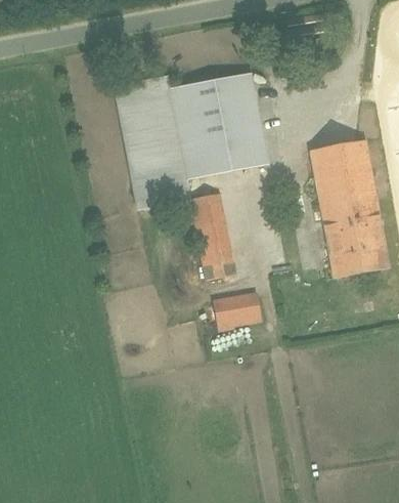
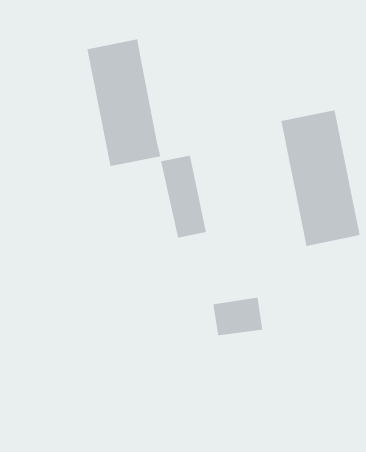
building: [169,74,269,178] -> none
building: [211,291,262,331] -> [213,297,263,336]

